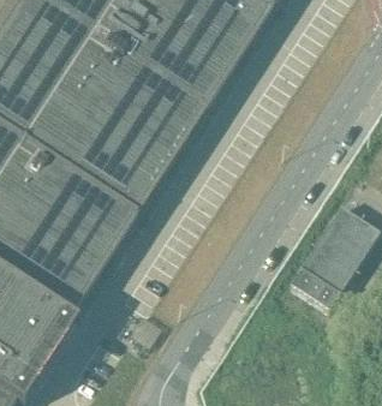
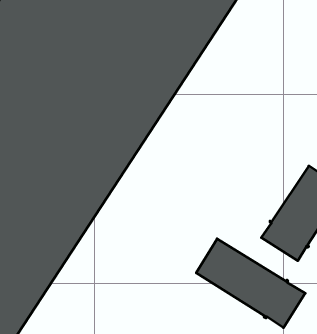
building: none -> [196,239,305,328]

